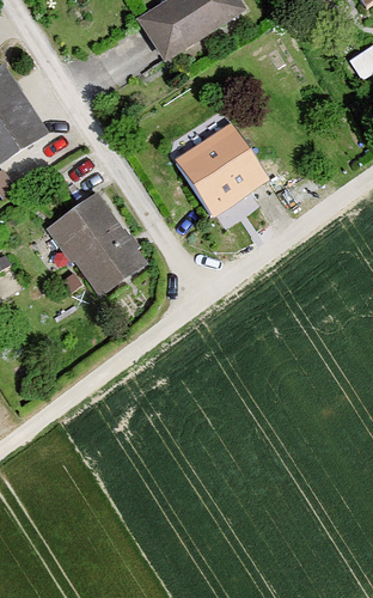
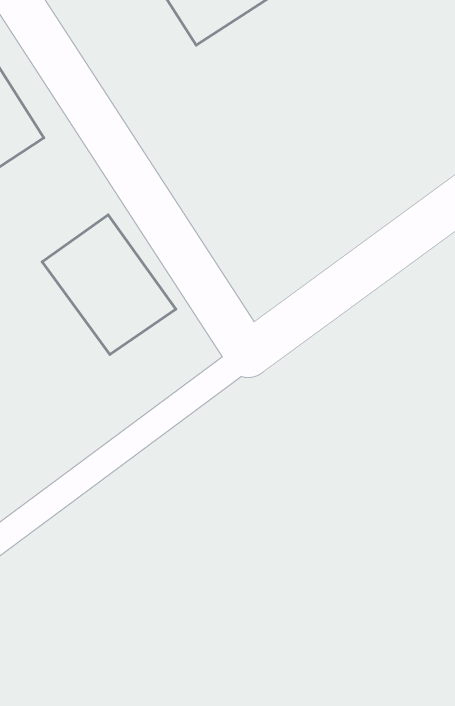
building: [172,120,273,219] -> none

